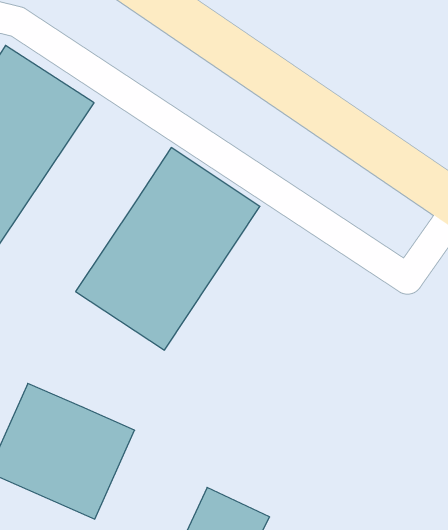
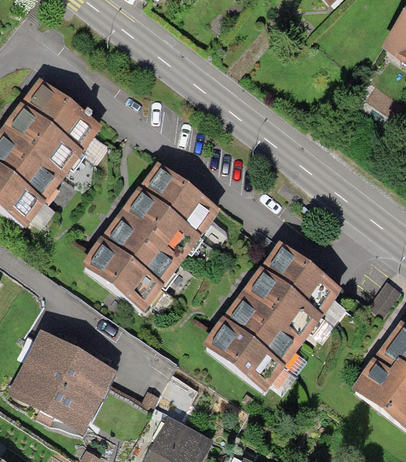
building: none -> [203,242,343,391]

